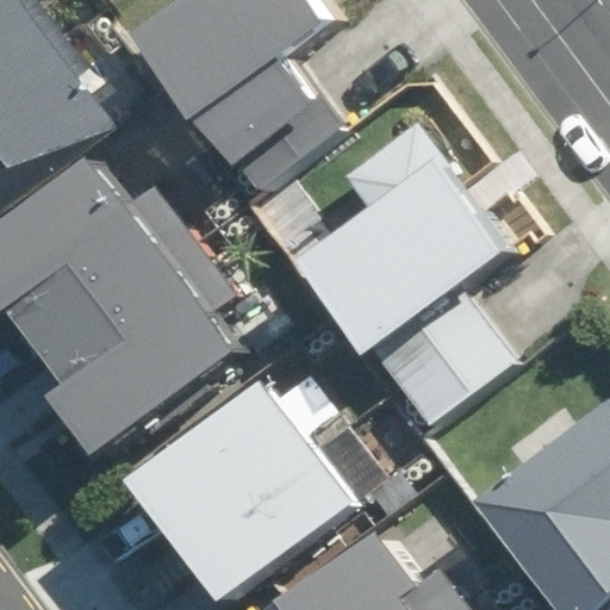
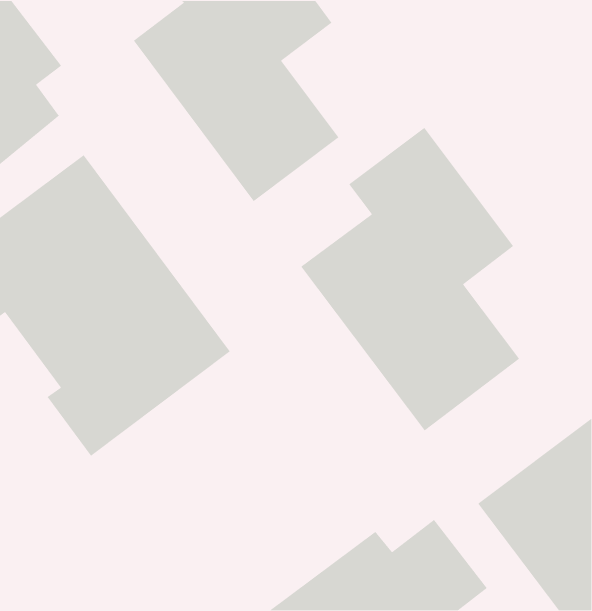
building: [130,380,354,600] -> none

